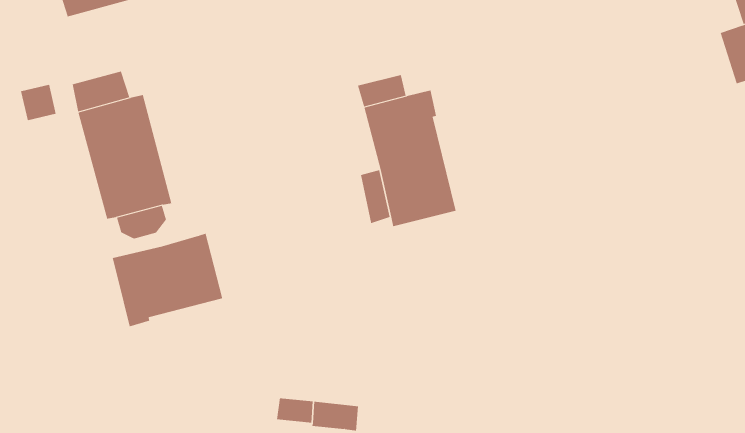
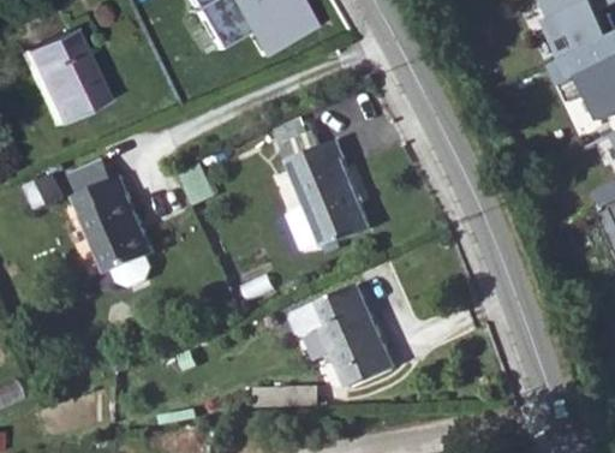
building: [112,233,223,327] -> none
building: none -> [292,285,393,386]

